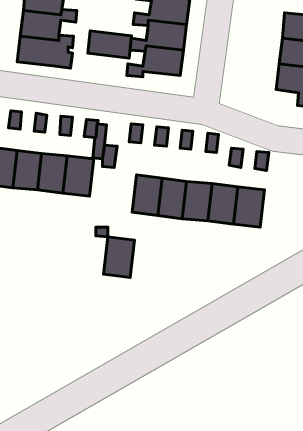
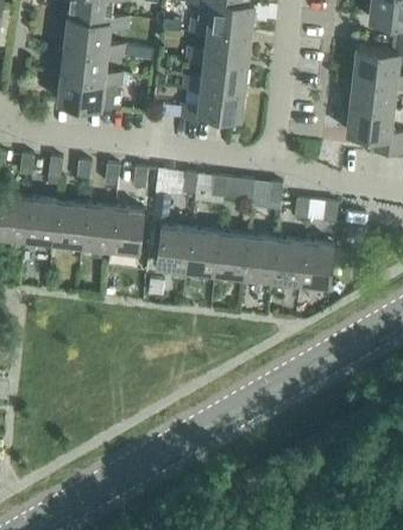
building: [88,31,131,58] -> none
building: [103,237,134,277] -> [156,226,190,271]

